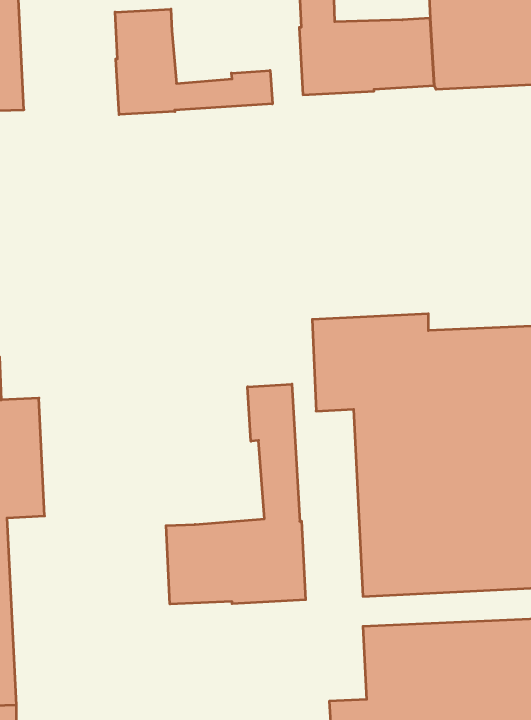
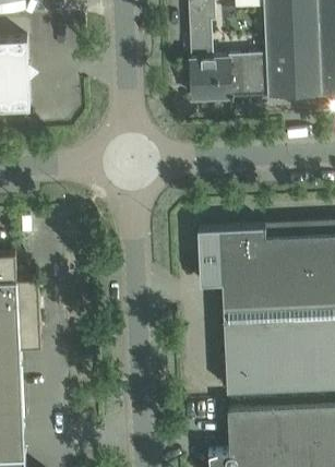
building: [115,9,272,115] -> none
building: [166,384,306,604] -> none

